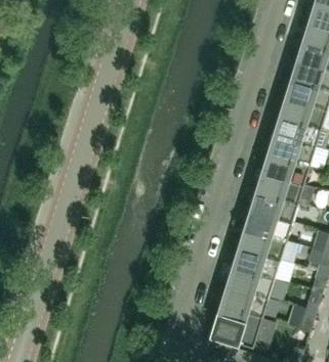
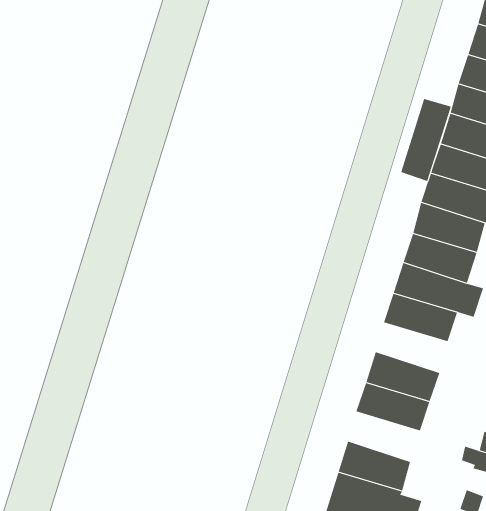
building: none -> [401,98,451,182]
building: [245,209,291,240] -> none
building: [228,265,274,297] -> none

